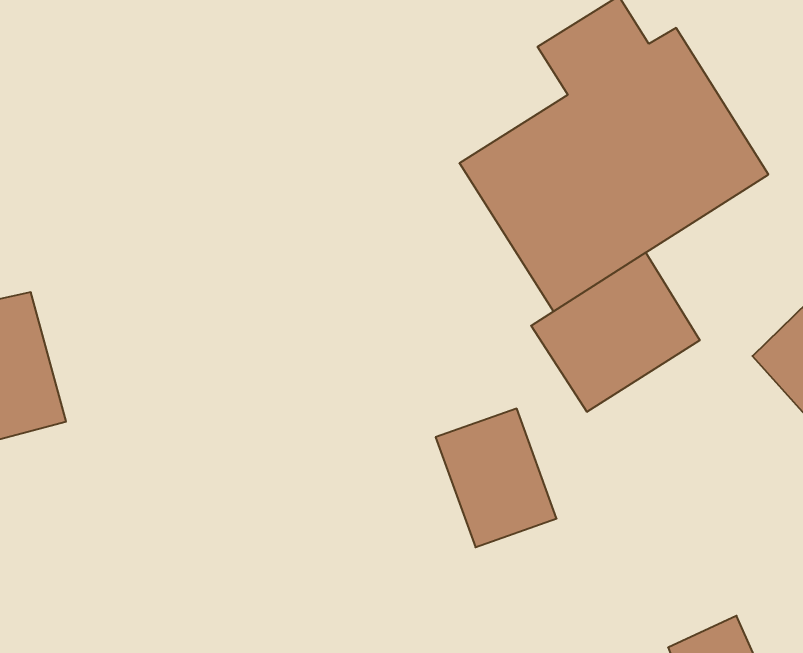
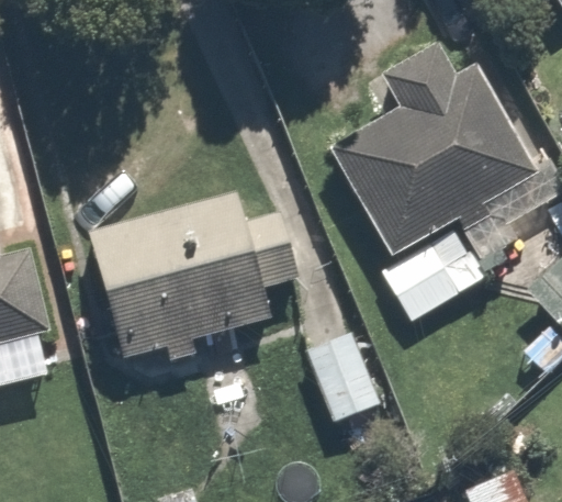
building: none -> [94,201,306,358]

